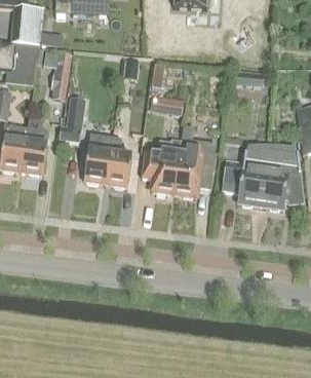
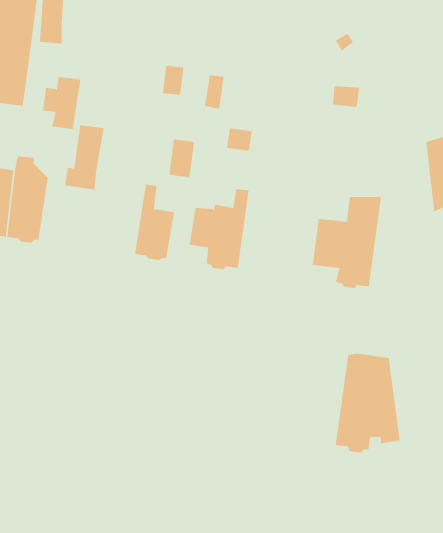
building: [174,124,216,196] -> none
building: [84,133,113,183] -> none
building: [261,143,304,209] -> [335,353,400,453]

